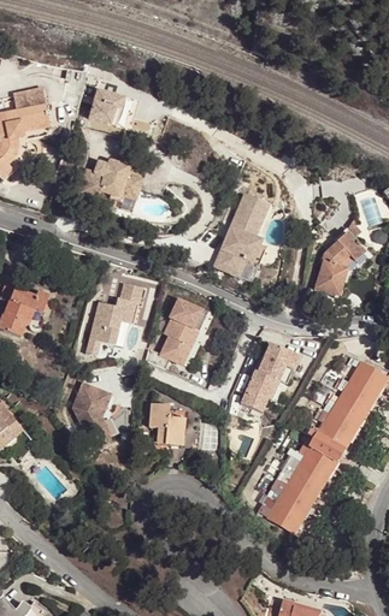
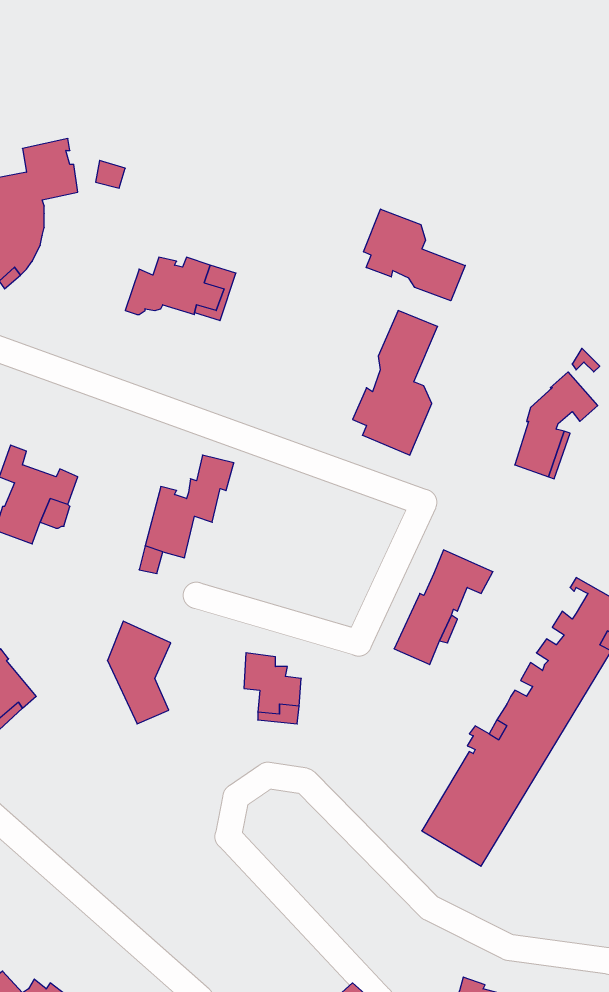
building: [87,87,124,125] -> none
building: none -> [364,209,465,301]
building: [146,297,207,367] -> none

